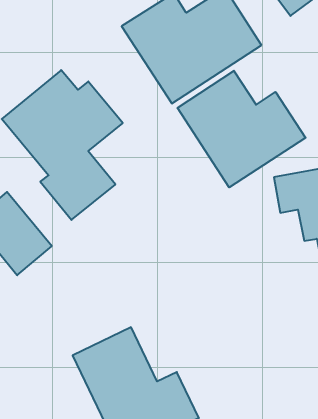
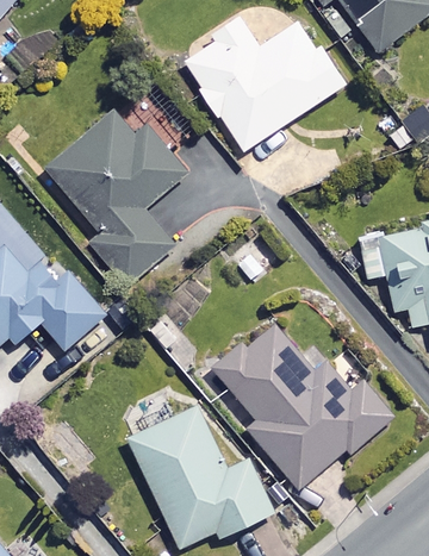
building: [178,71,306,187] -> none
building: none -> [213,321,390,486]

